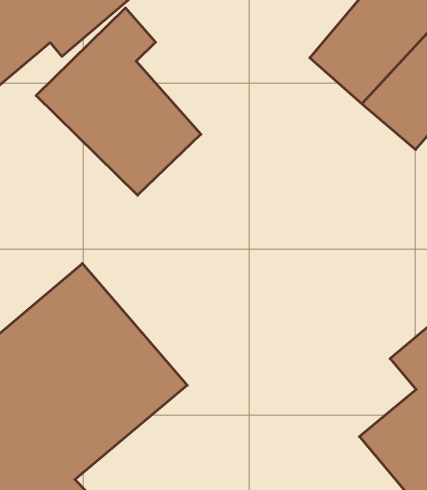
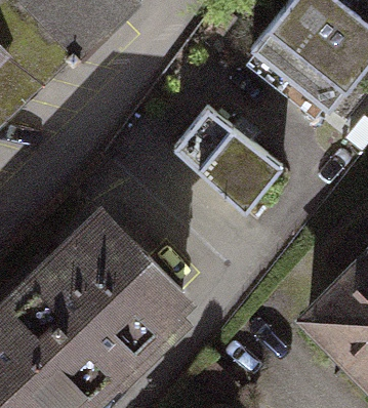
building: [36,8,201,195] -> none
building: none -> [173,110,279,211]

